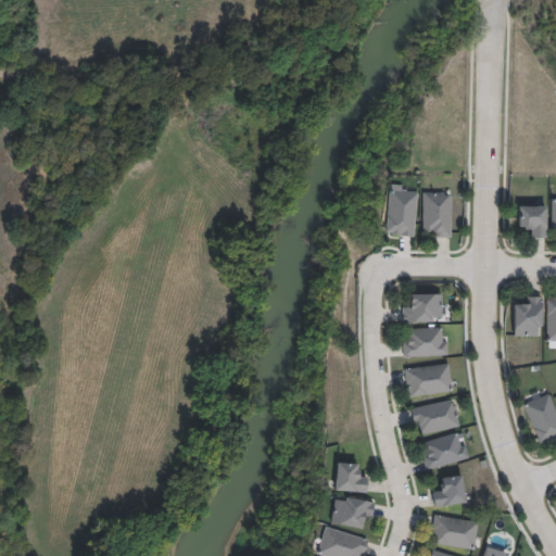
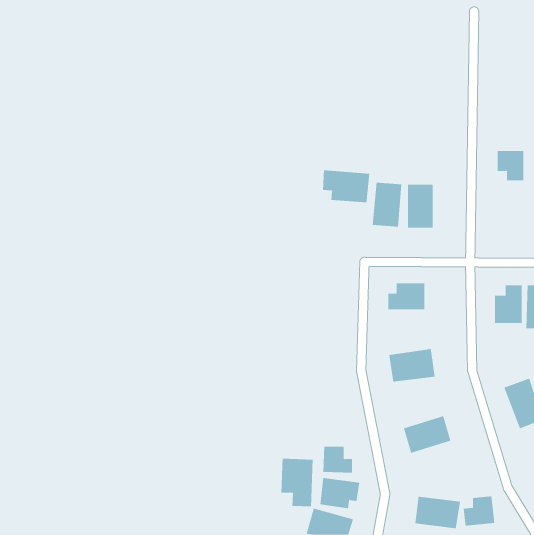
building: none -> [323,169,370,203]
building: [519,205,547,237] -> [497,150,524,181]
building: [403,327,447,356] -> none
building: [412,399,459,435] -> none
building: [432,475,466,506] -> [463,496,495,526]
building: none -> [281,458,313,507]

